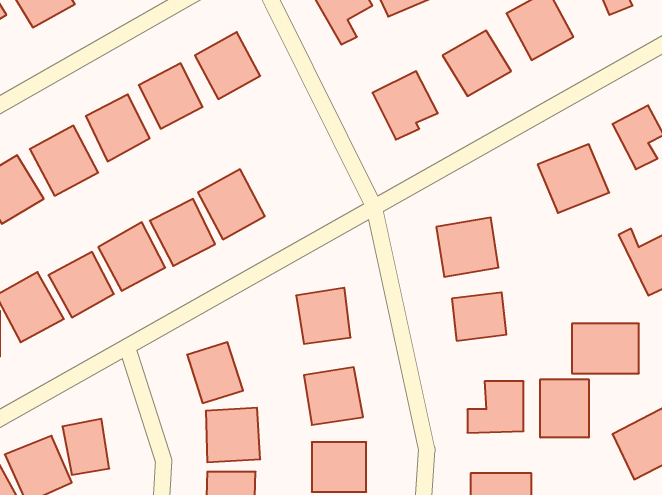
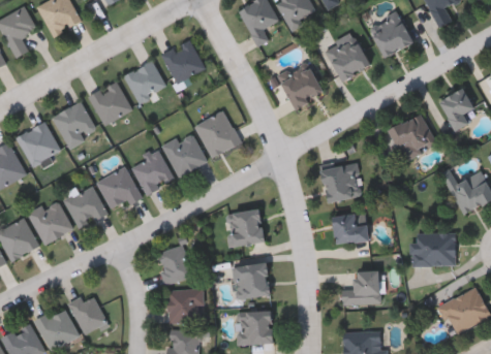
building: none -> [195,110,240,157]
building: [540,379,589,438] -> none

